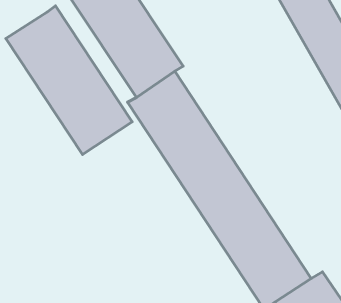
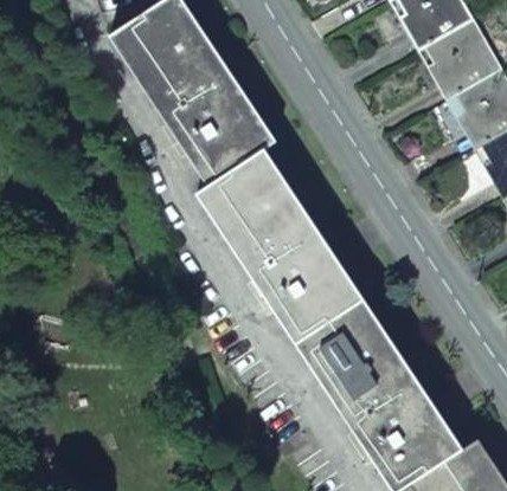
building: [6,6,132,154] -> none

